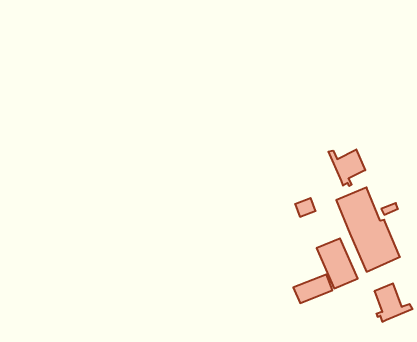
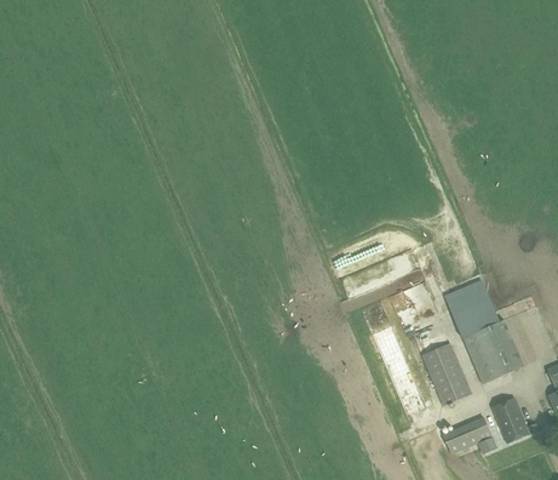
building: [328,149,365,186] -> none
building: [293,275,332,303] -> [442,417,490,452]

